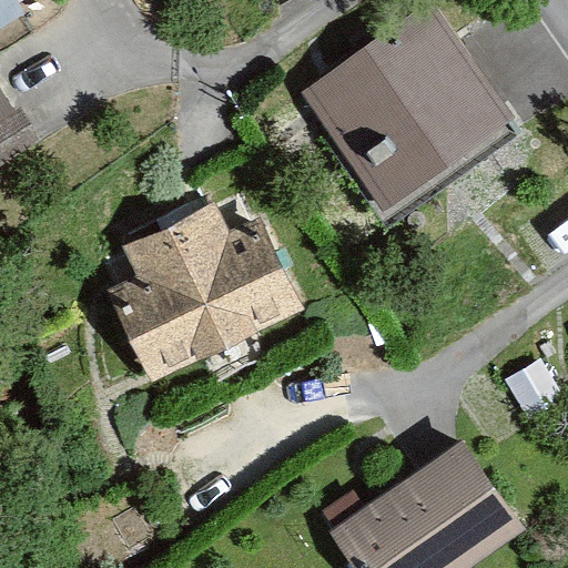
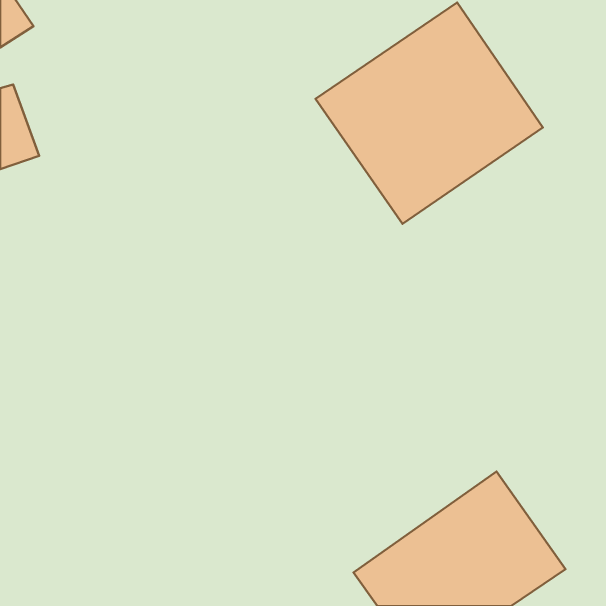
building: [82,189,300,389] -> none

